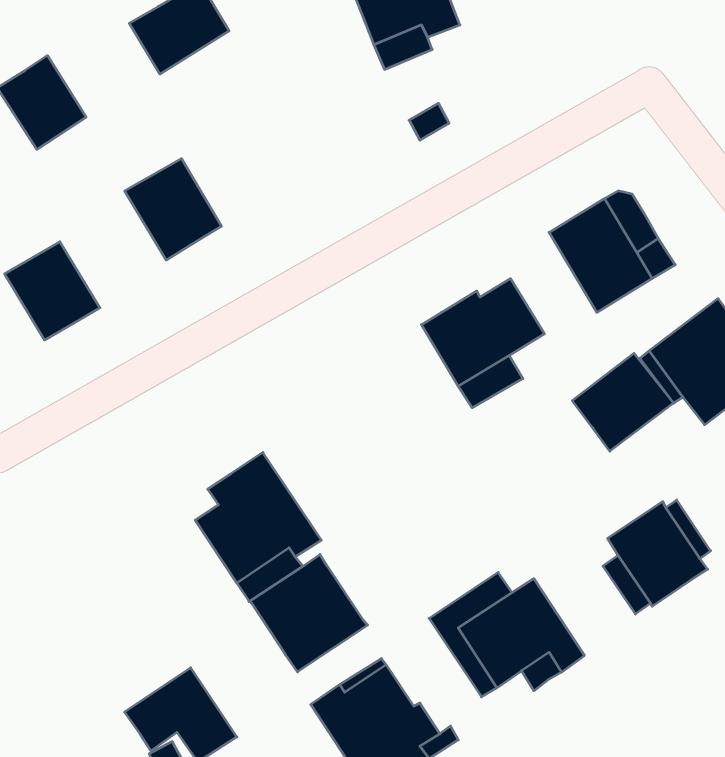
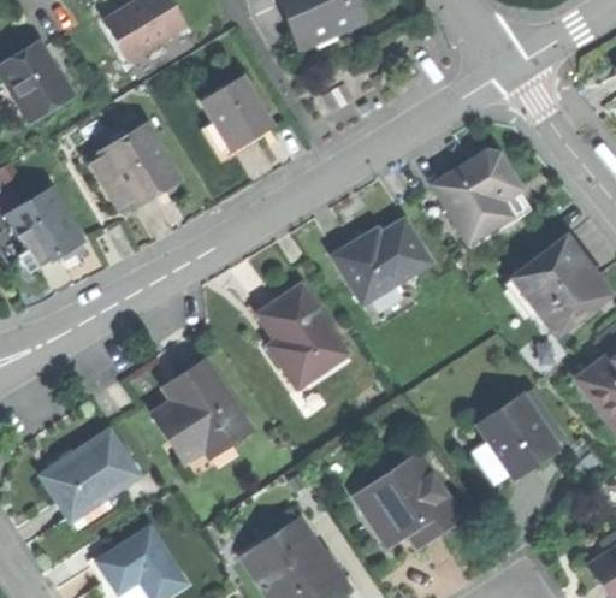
building: none -> [203,78,270,148]
building: [572,353,674,451] -> none
building: none -> [256,284,346,387]
building: none -> [43,428,141,519]
building: [250,554,368,672] -> none

